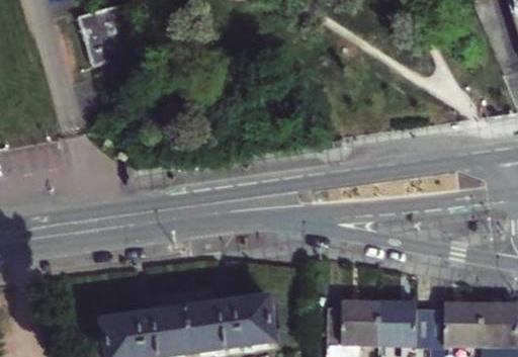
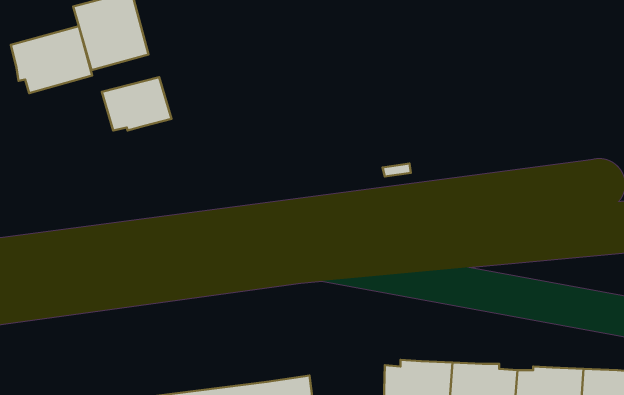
building: none -> [11,26,92,93]
building: none -> [102,77,171,131]

